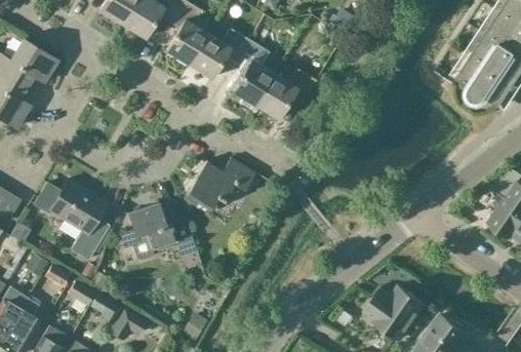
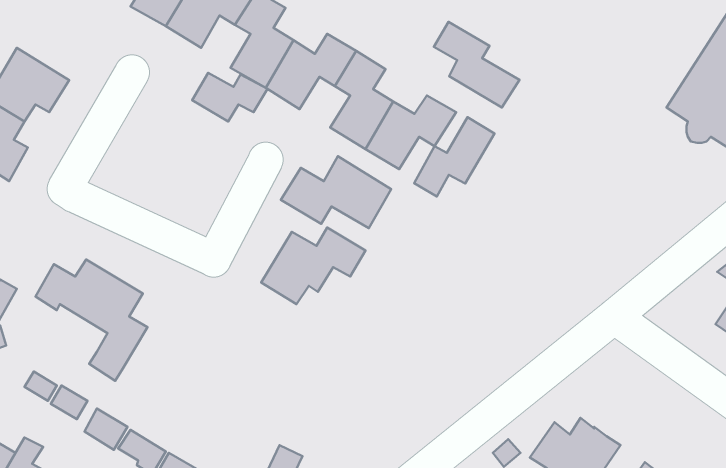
building: none -> [434,22,520,107]
building: none -> [192,73,267,122]
building: none -> [414,117,495,196]
building: none -> [281,156,391,228]
building: [119,203,196,261] -> none

